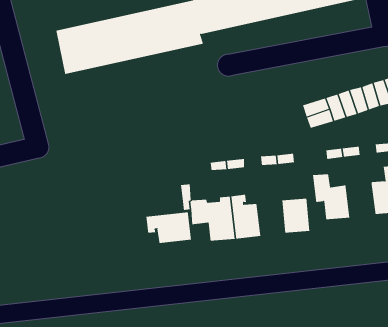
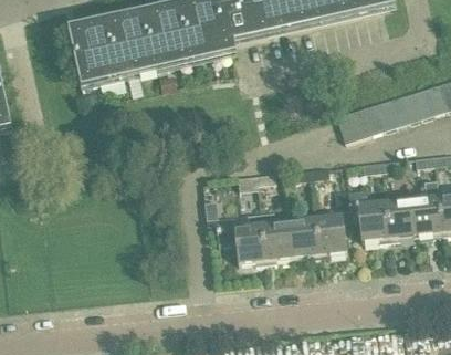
building: none -> [384,190,415,237]
building: none -> [287,218,317,257]
building: [146,211,192,244] -> none

